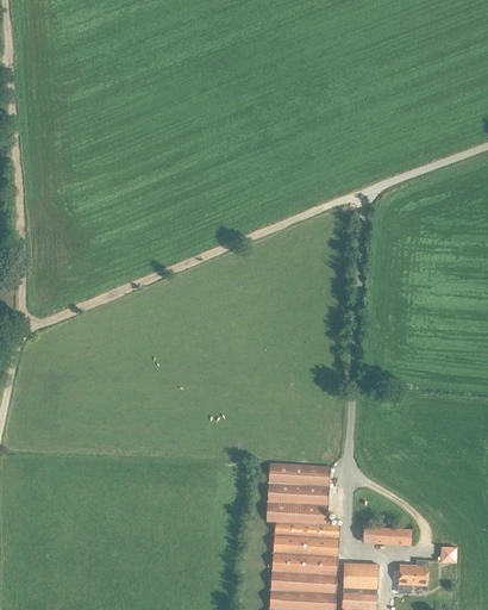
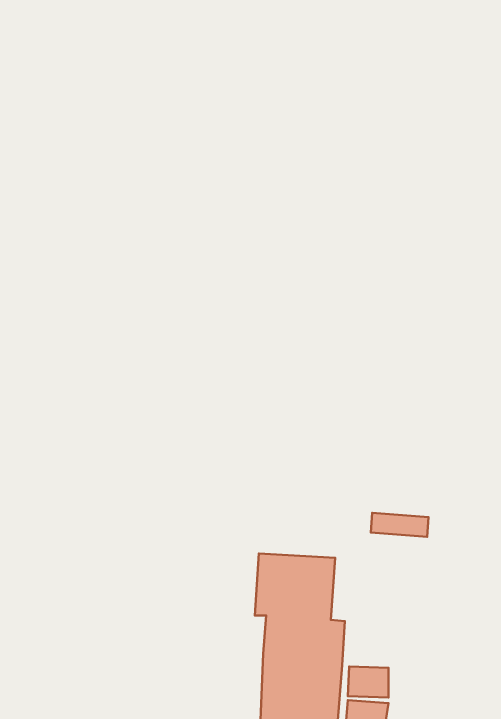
building: [362,527,411,547] -> [371,513,429,537]
building: [398,560,428,587] -> none

